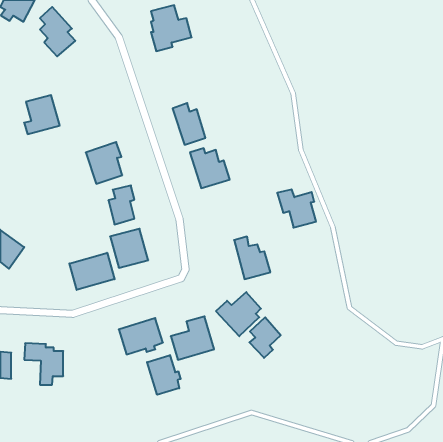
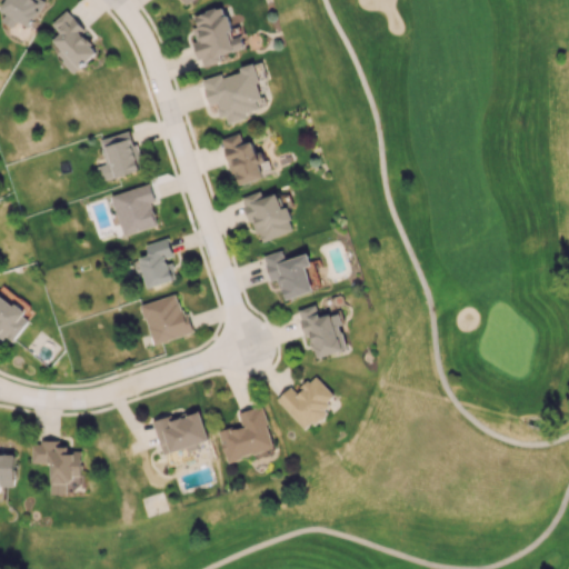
building: none -> [202,64,264,124]
building: [24,95,60,134] -> [98,131,143,181]
building: [277,189,316,228] -> [263,251,313,300]
building: [69,253,115,290] -> none
building: [249,317,281,358] -> none
building: [147,355,181,395] -> none

